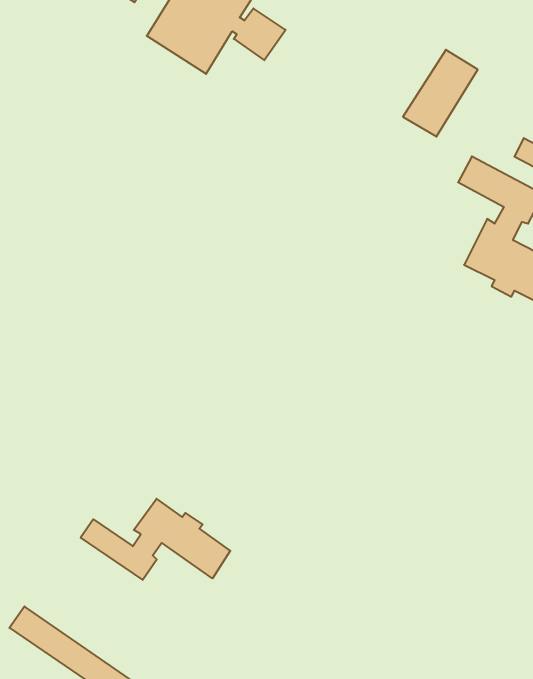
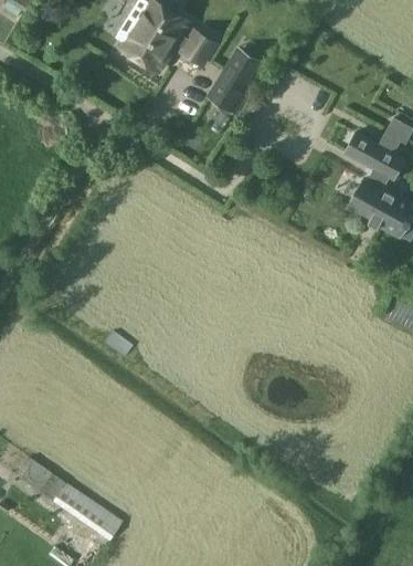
building: [403,50,478,137] -> [208,50,262,113]
building: [81,499,230,580] -> none

